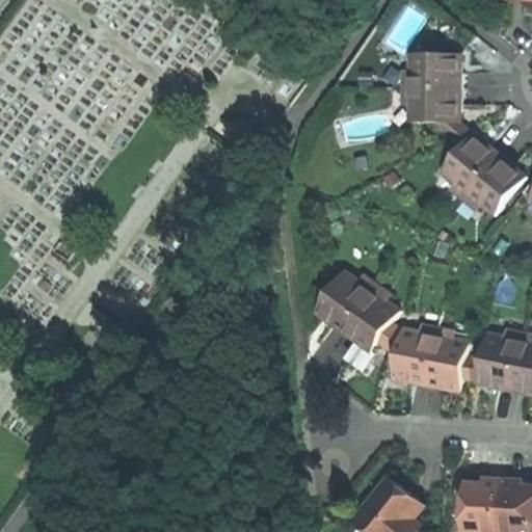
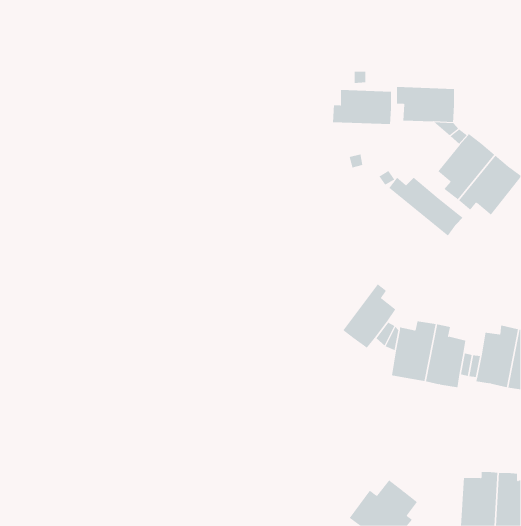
building: [399,54,459,89] -> [332,89,392,125]
building: none -> [389,177,463,237]
building: [315,271,380,332] -> none

